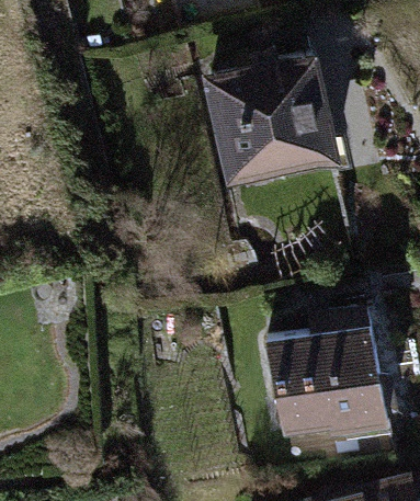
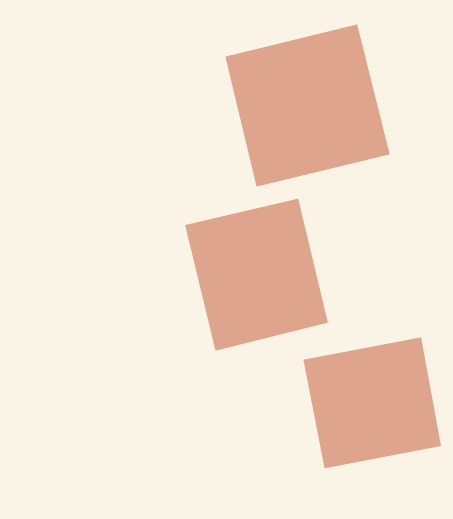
building: none -> [185,198,329,351]

